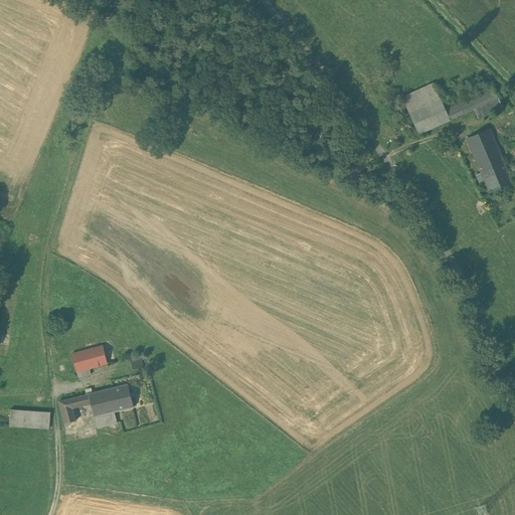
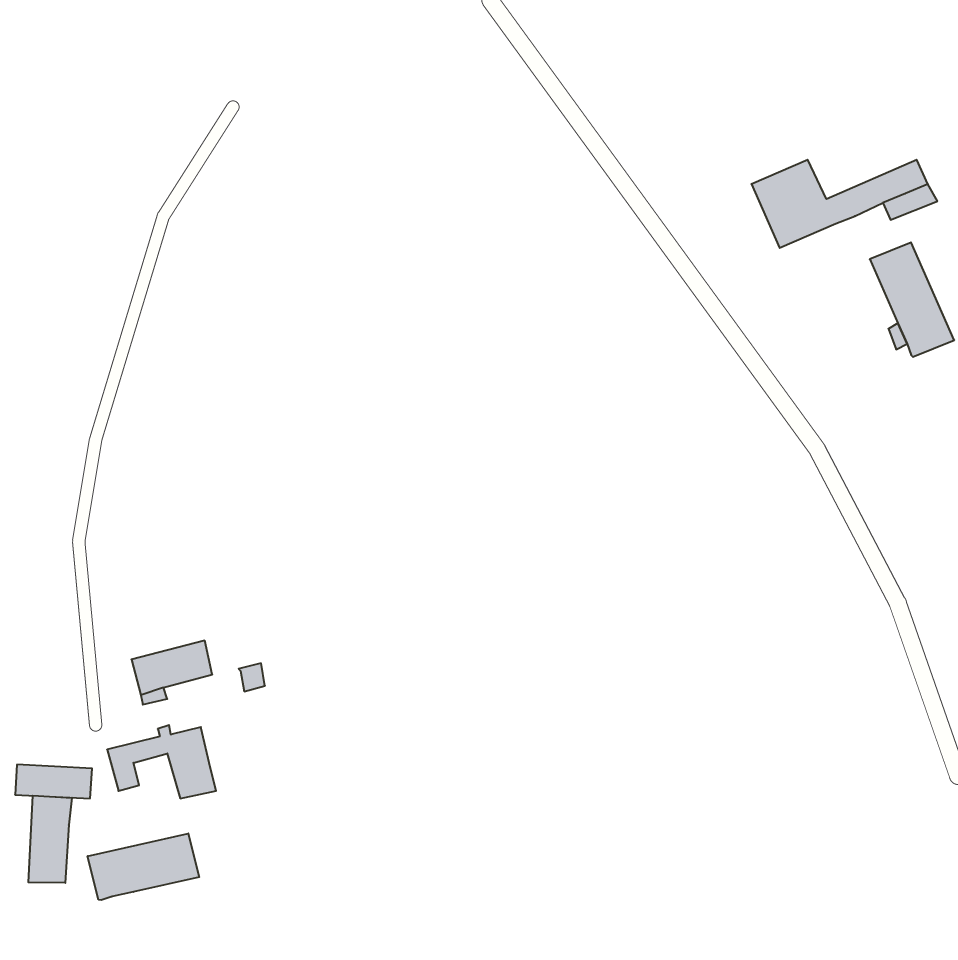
building: [108,384,133,411] -> none
building: none -> [28,796,72,883]
building: none -> [88,833,199,900]

